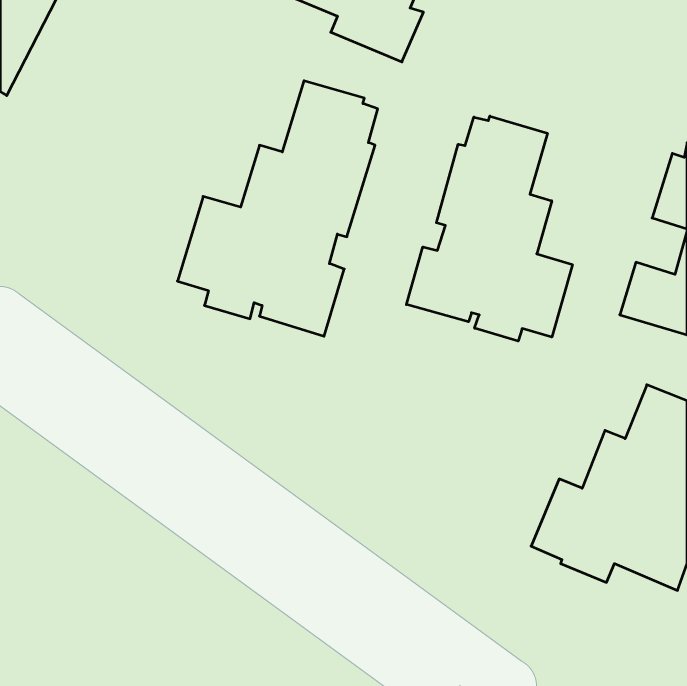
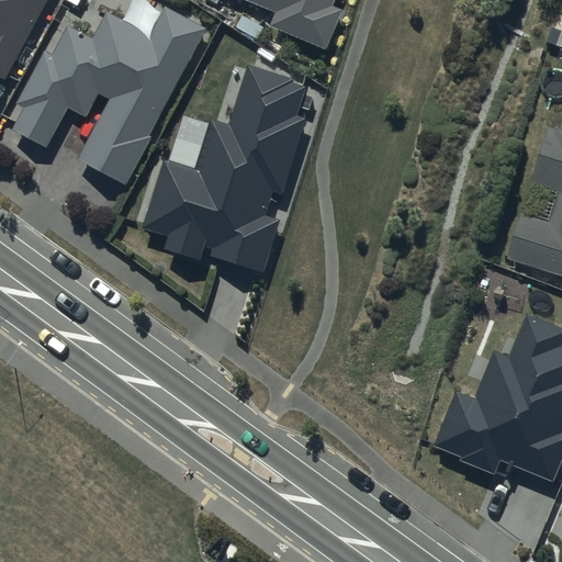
building: none -> [11,7,205,184]
building: [406,116,572,341] -> none

